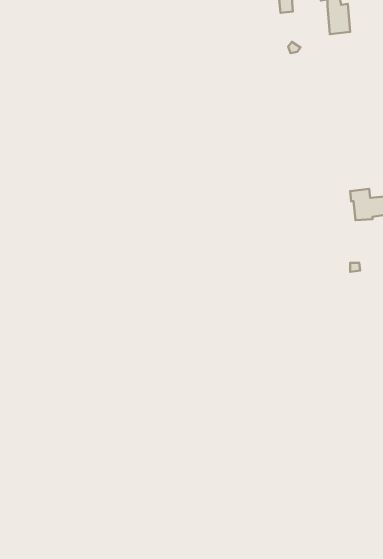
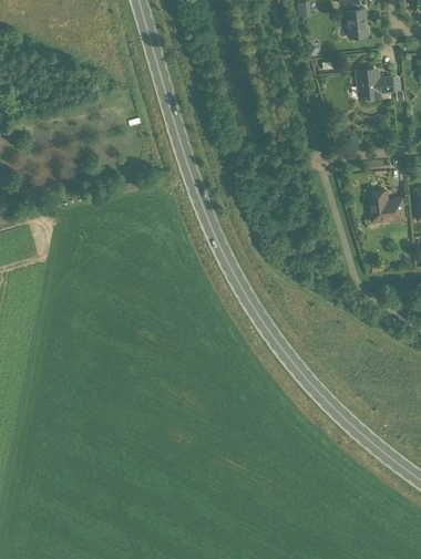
building: none -> [355,68,392,101]

